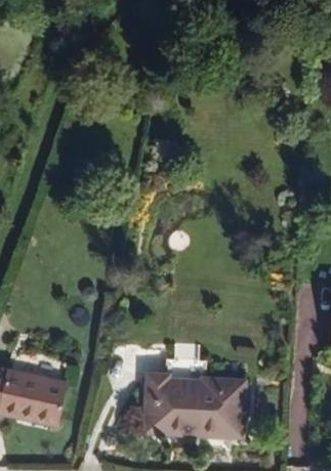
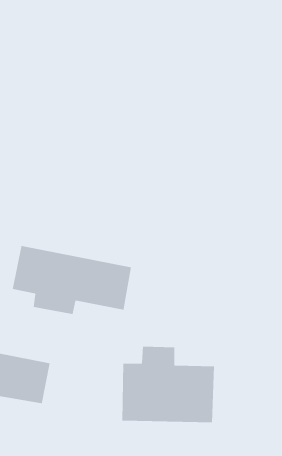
building: none -> [12,245,132,315]

